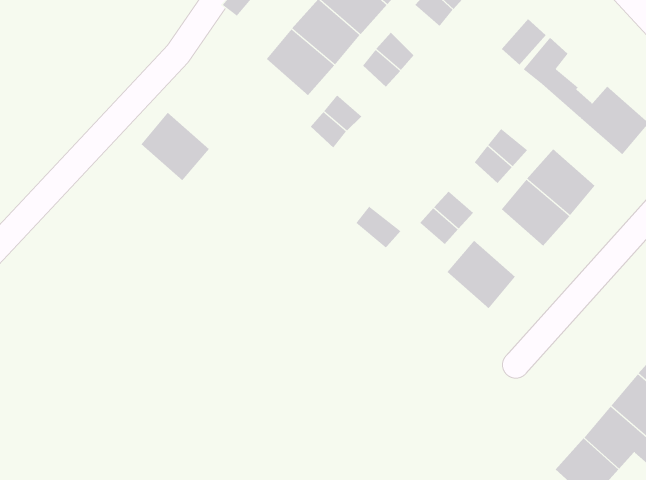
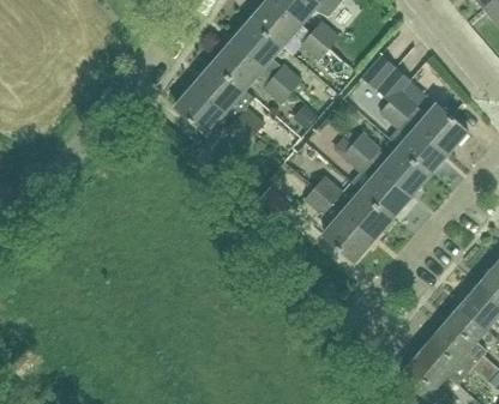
building: none -> [380,101,449,173]
building: [140,112,210,181] -> [176,83,226,132]
building: none -> [343,189,392,237]

